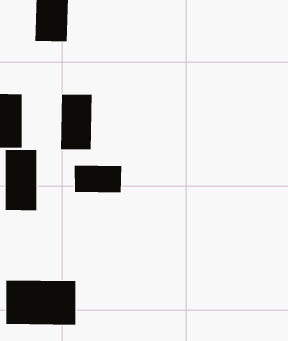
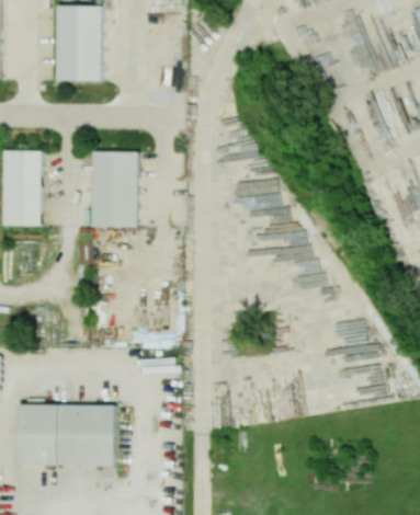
building: [5,149,37,211] -> none
building: [74,165,122,193] -> none

